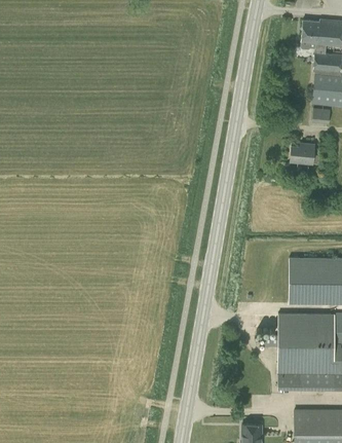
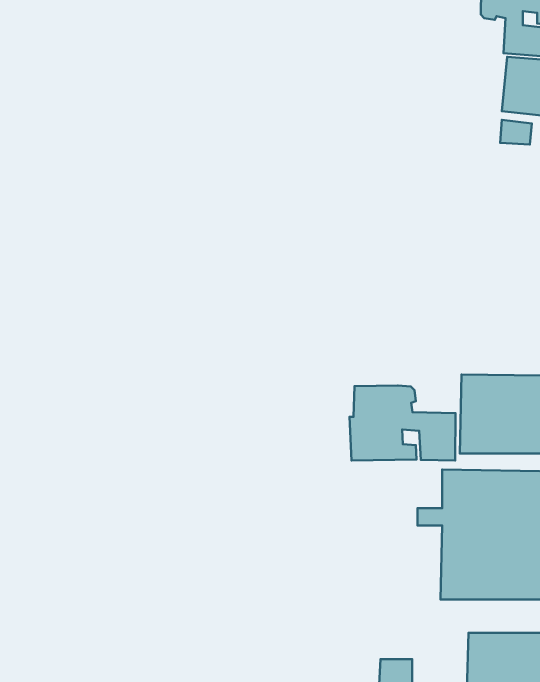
building: [291,144,314,163] -> none
building: none -> [349,385,456,461]

